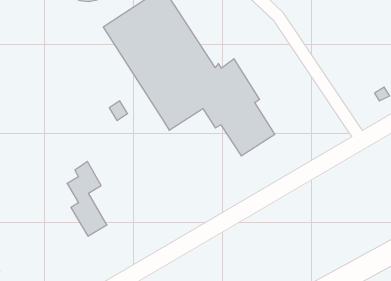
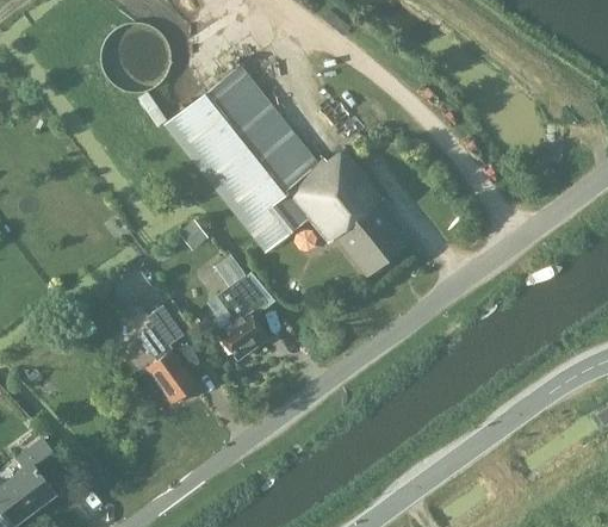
building: none -> [215,256,275,359]

